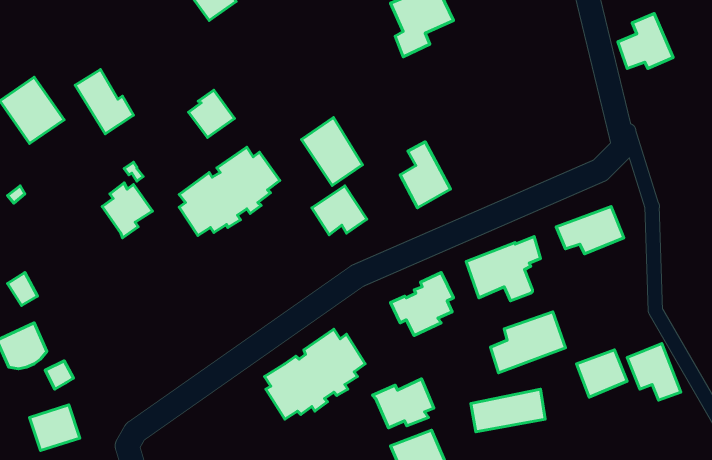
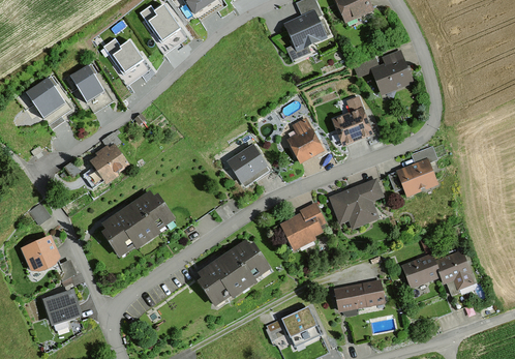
building: [618,13,673,69] -> [373,51,410,87]
building: [189,90,234,138] -> [113,39,143,70]
building: none -> [334,97,368,143]
building: [302,118,362,185] -> none
building: [179,147,280,236] -> [103,192,170,250]
building: [490,312,565,373] -> none
building: [372,379,434,428] -> none

